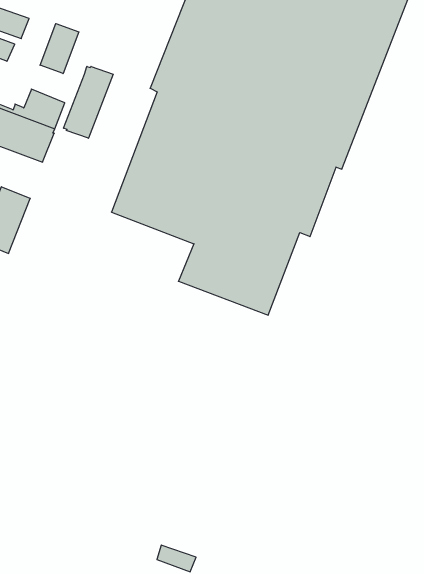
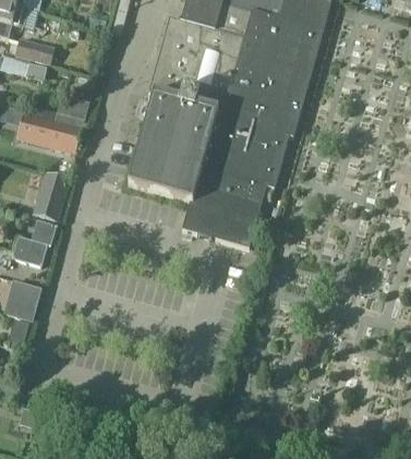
building: [40,24,79,74] -> none
building: [64,66,113,138] -> none

